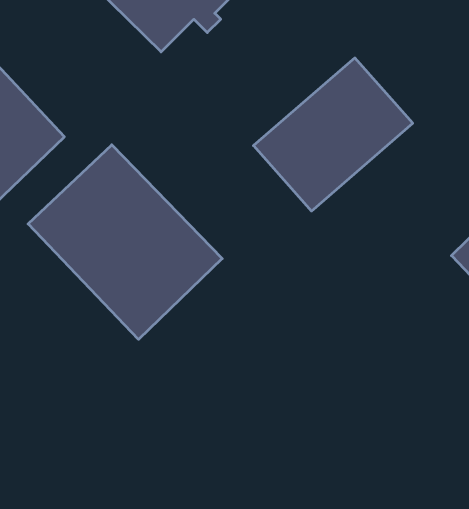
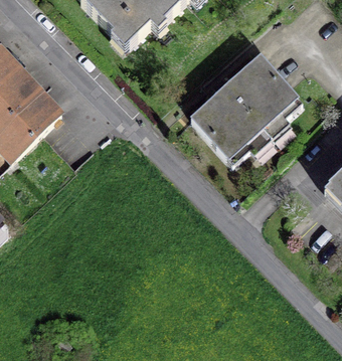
building: [28,145,222,339] -> none

